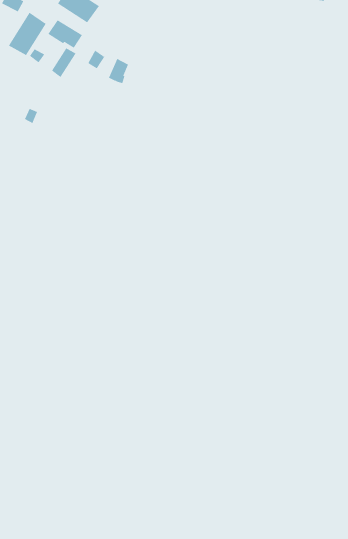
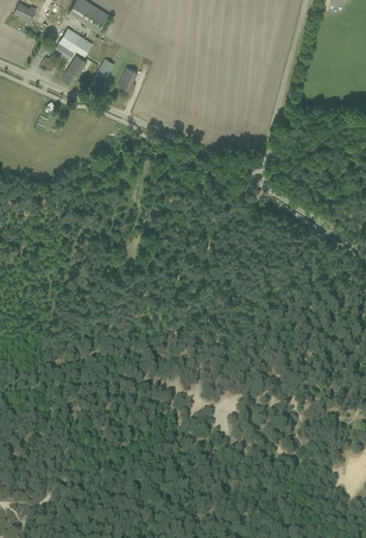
building: [8,12,47,56] -> none

